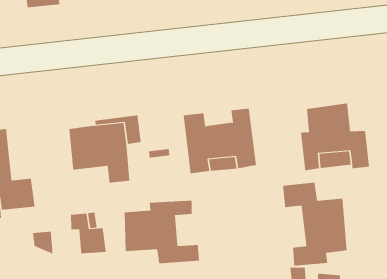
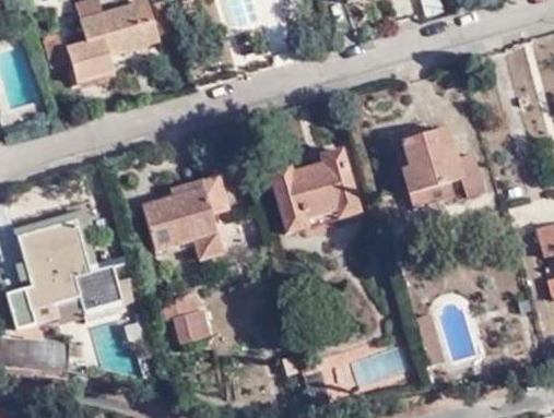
building: [283,182,347,267] -> none
building: [124,200,199,264] -> none

